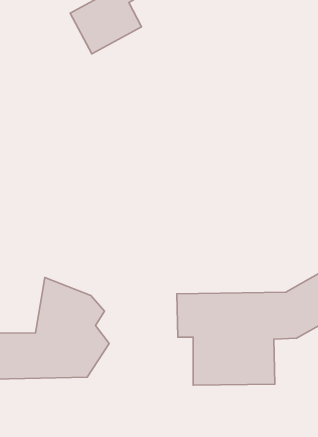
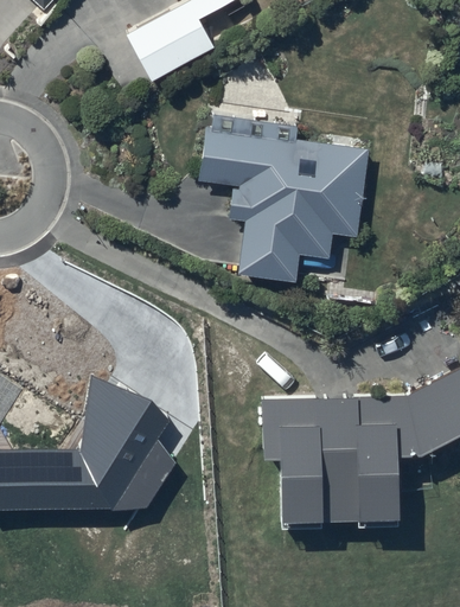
building: none -> [196,116,364,285]

